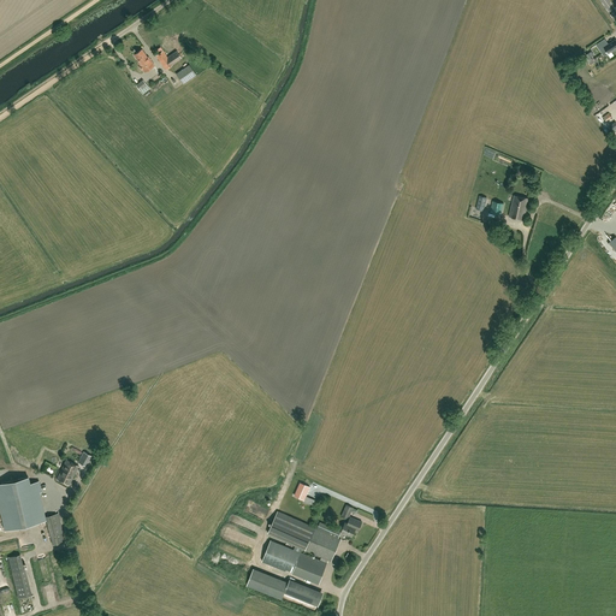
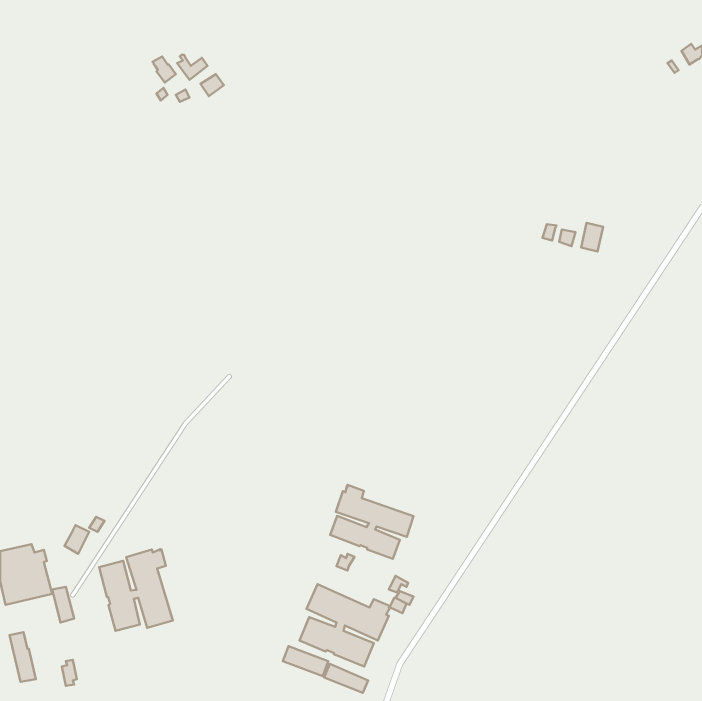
building: none -> [330,485,414,559]
building: none -> [99,549,173,631]

